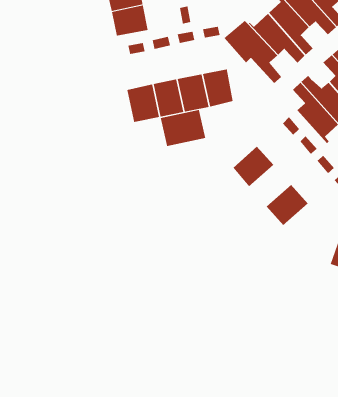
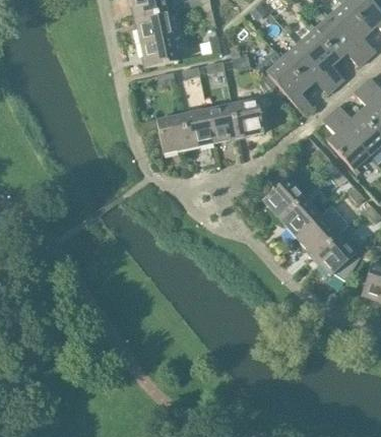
building: [160,109,206,147] -> none
building: none -> [279,195,322,237]
building: none -> [314,234,361,280]

